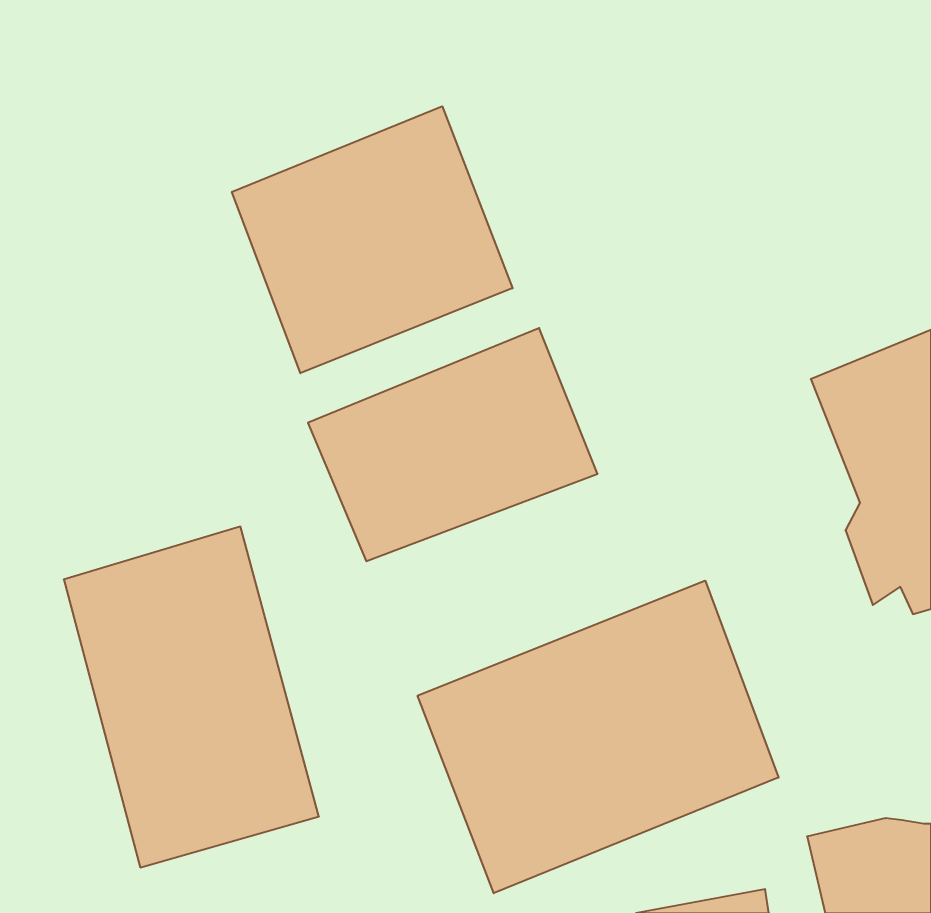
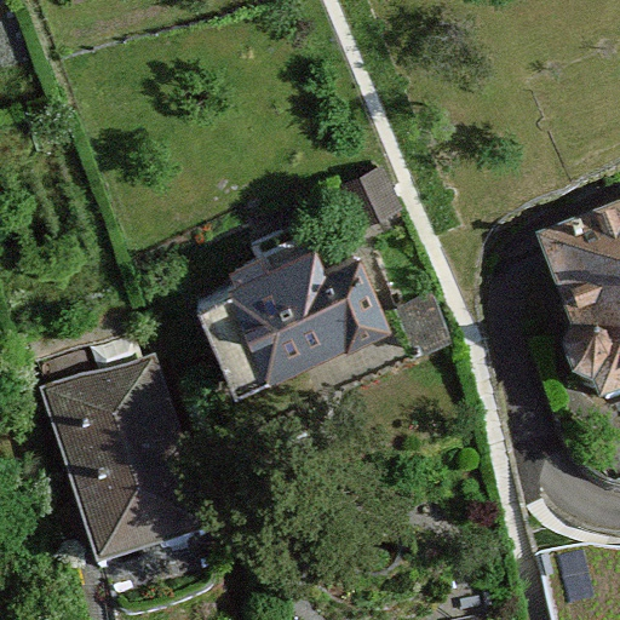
building: [232,106,513,373] -> none
building: [418,581,779,893] -> none

